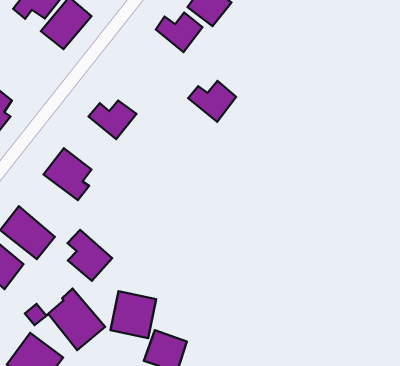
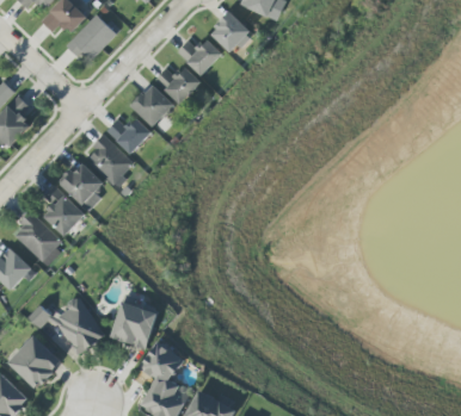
building: none -> [130,85,173,128]
building: [188,81,236,122] -> [154,66,201,105]
building: none -> [85,136,135,185]
building: [68,230,112,281] -> [42,186,85,236]

